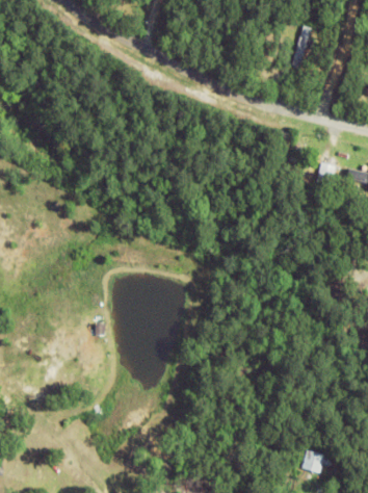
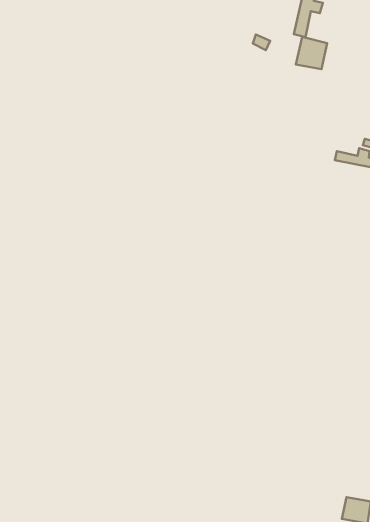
building: none -> [296,37,327,69]

